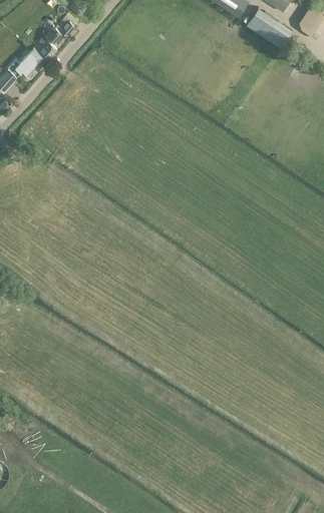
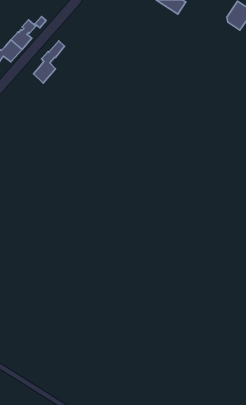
building: [245,8,289,46] -> none
building: none -> [33,41,64,83]

